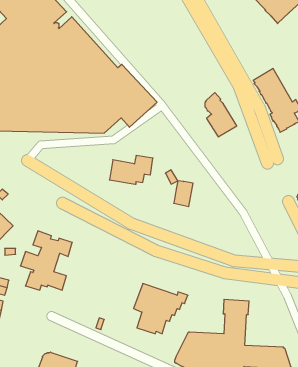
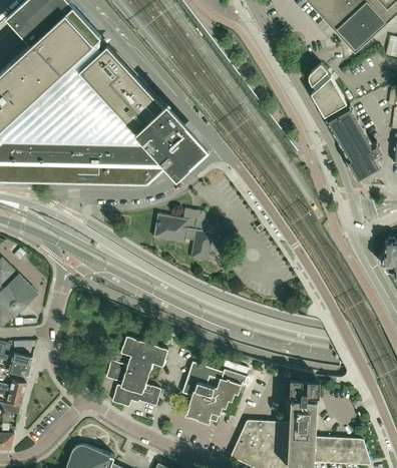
building: [205,93,237,137] -> [308,62,346,115]
building: [174,181,193,207] -> [189,230,213,262]
building: [20,231,72,290] -> [105,335,167,406]

